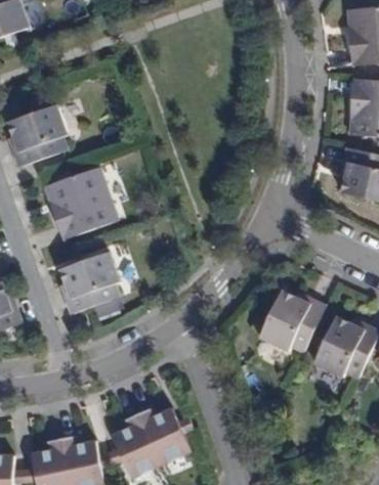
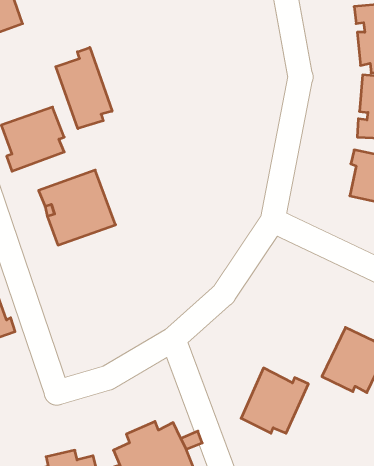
building: none -> [56,47,112,129]
building: [58,253,115,313] -> none
building: [261,290,326,352] -> [241,368,308,433]

